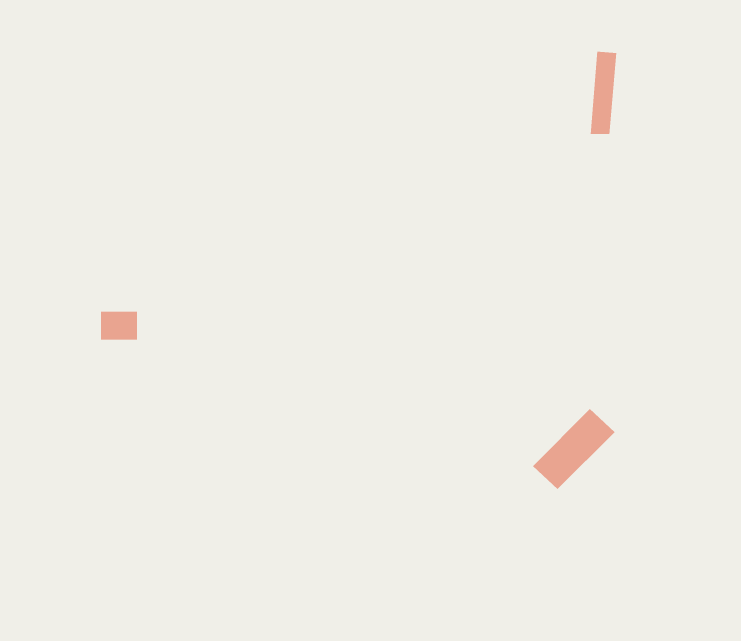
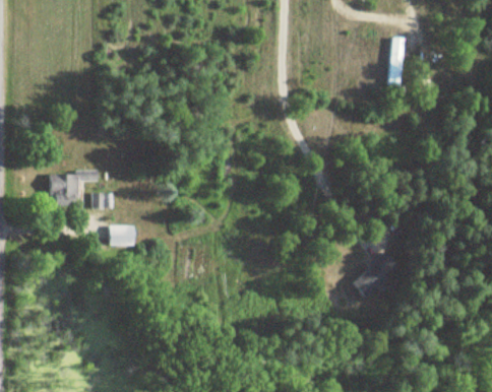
building: none -> [54,173,82,205]
building: none -> [110,226,132,246]

